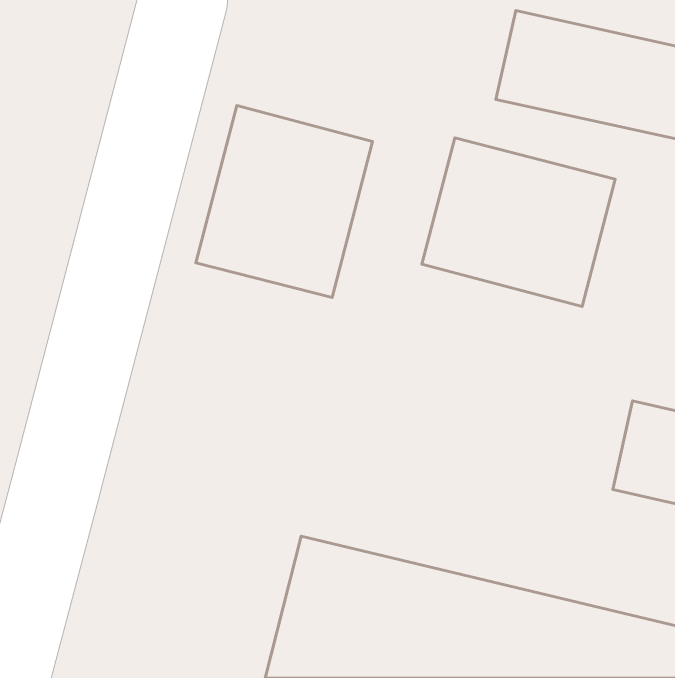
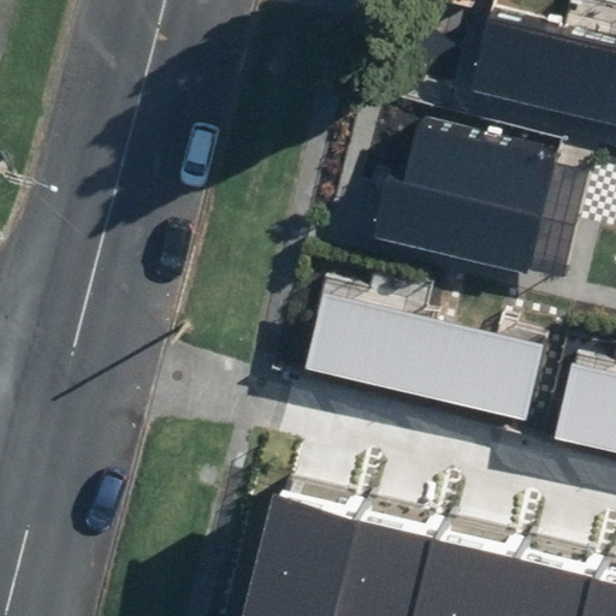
building: [196,105,372,298] -> none
building: none -> [313,296,550,426]

